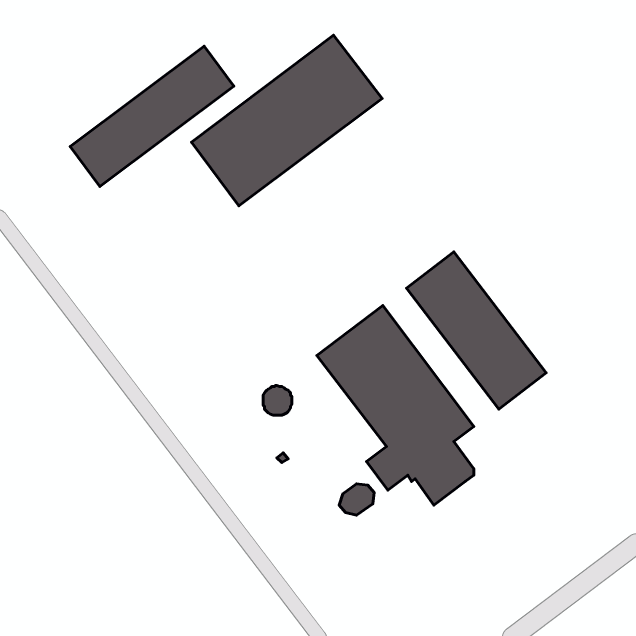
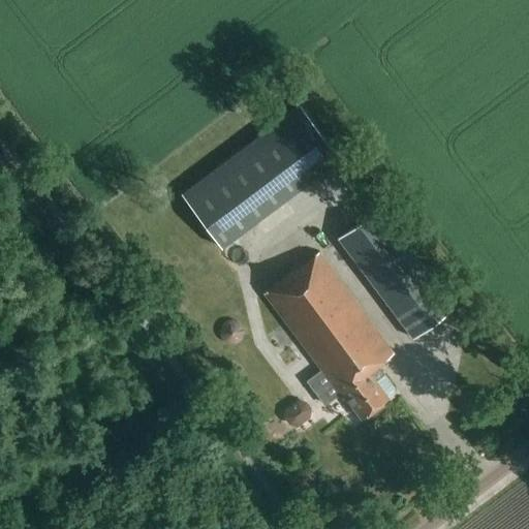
building: [191,35,382,206] -> [181,108,339,250]
building: [70,46,234,186] -> none

